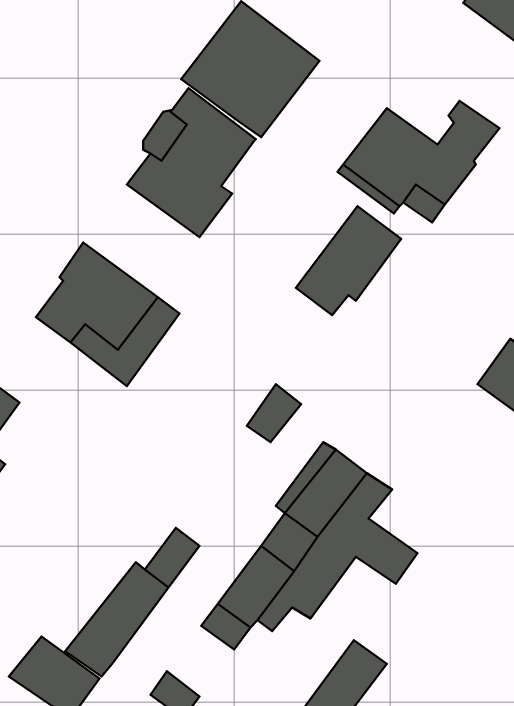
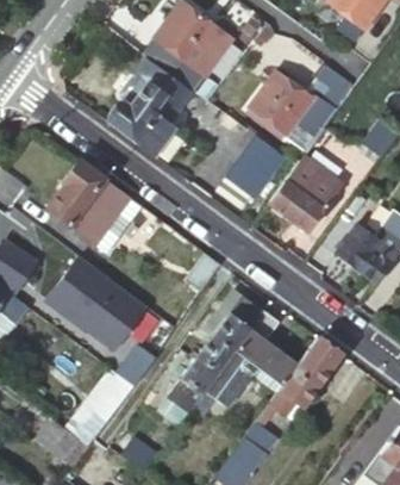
building: none -> [268,154,342,232]
building: none -> [48,257,148,350]
building: none -> [270,336,342,414]

